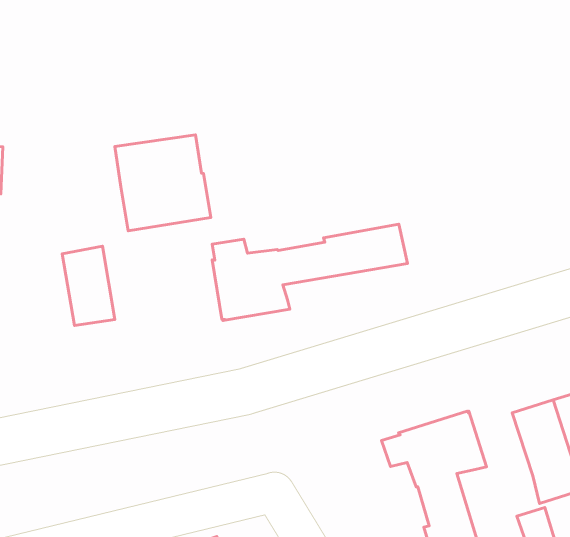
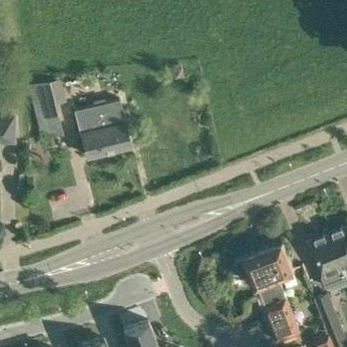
building: [212,224,407,320] -> none
building: [62,246,115,325] -> [31,94,63,139]

